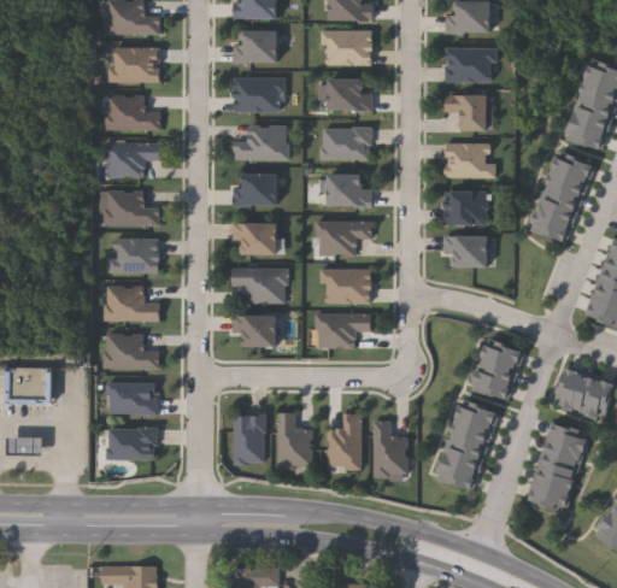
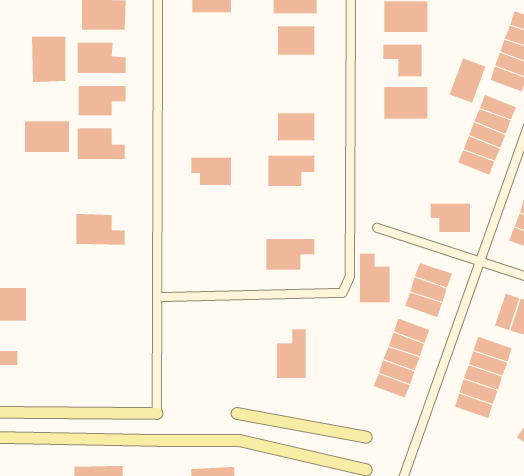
building: [234,77,281,112] -> none
building: none -> [31,36,66,83]
building: none -> [449,57,486,104]
building: [233,125,287,159] -> none
building: [321,125,370,159] -> none
building: [231,174,277,205] -> none
building: [443,193,487,228] -> none
building: [108,237,159,272] -> [24,121,70,152]
building: [443,239,489,271] -> [430,203,471,233]
building: [231,267,287,304] -> none
building: [322,269,371,304] -> none
building: [228,316,277,348] -> none
building: [104,333,158,367] -> none
building: [552,369,581,410] -> none
building: [106,382,155,413] -> none
building: [277,412,311,469] -> none
building: [233,414,264,463] -> none
building: [372,421,407,476] -> [359,253,391,303]
building: [107,427,155,458] -> none

